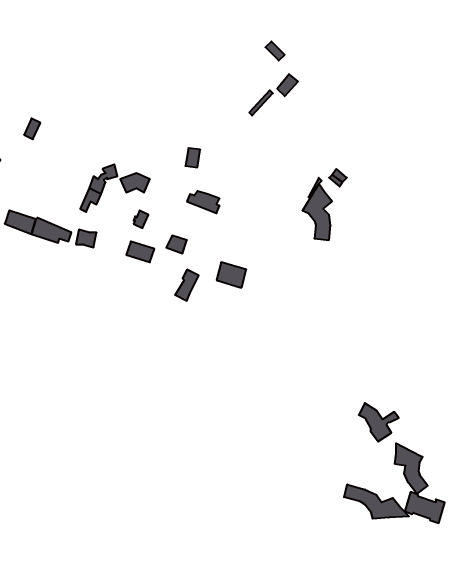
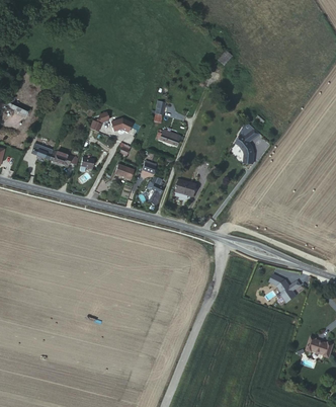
building: [395,443,428,494] -> none
building: [344,484,409,519] -> none

